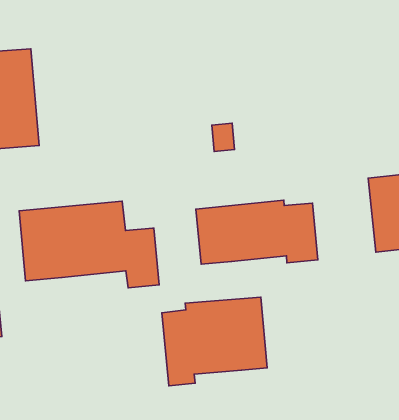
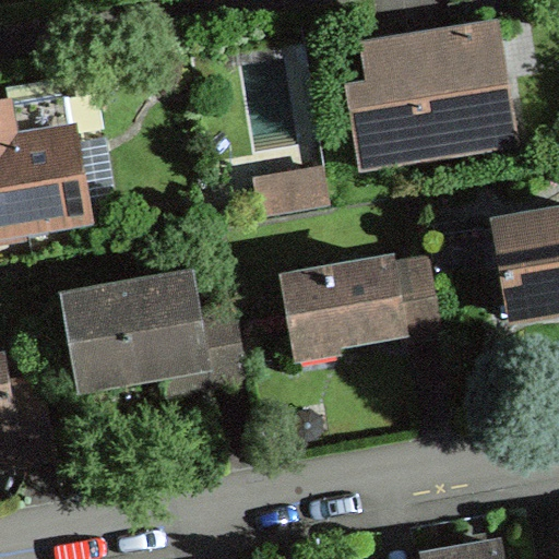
building: none -> [346,21,514,167]
building: [162,297,267,386] -> none

